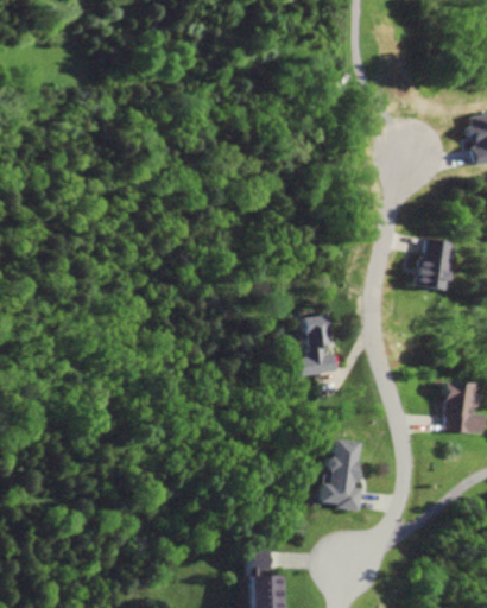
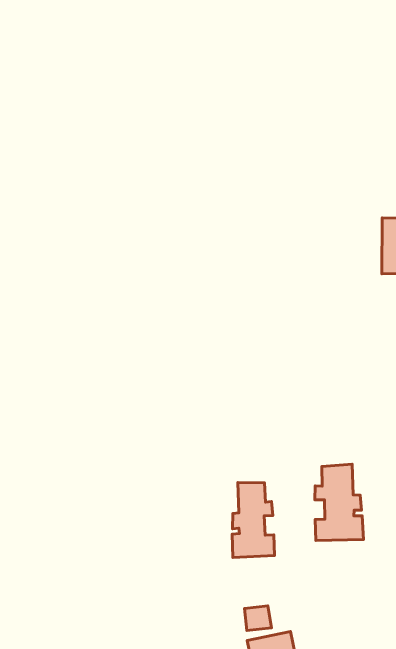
building: [299,315,340,376] -> none
building: none -> [232,482,274,558]

